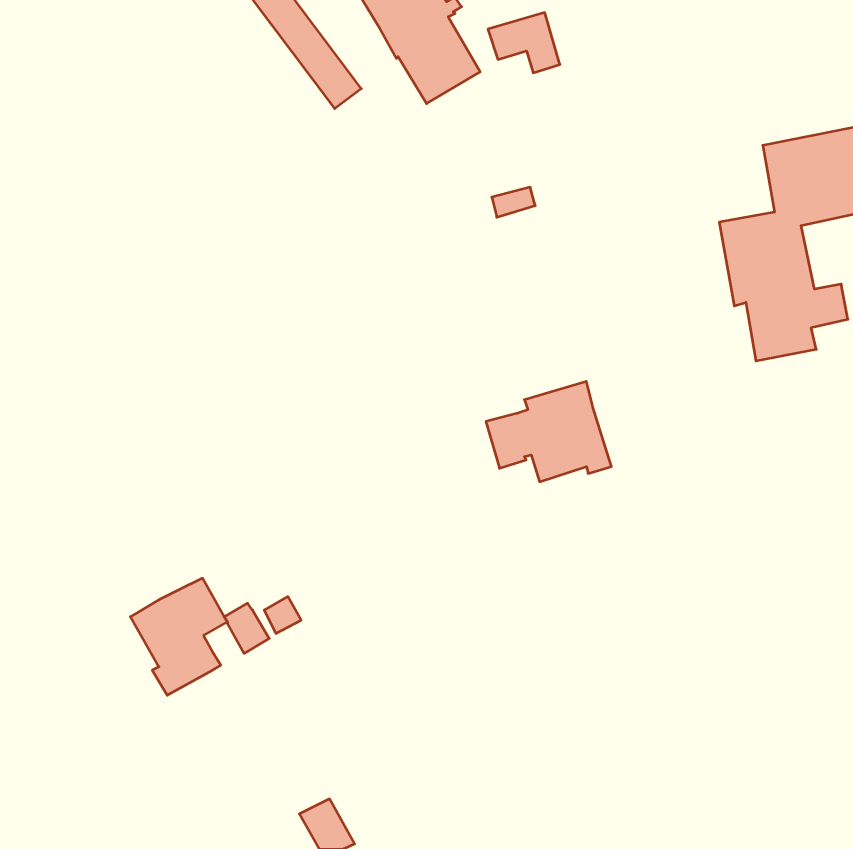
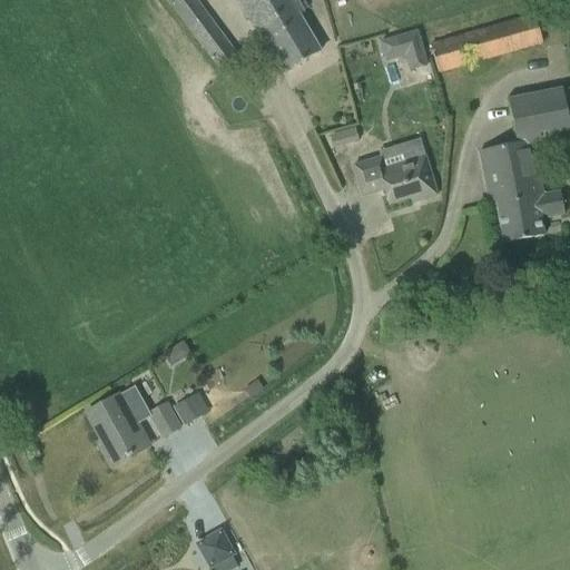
building: [488,13,560,73] -> [380,28,428,68]
building: none -> [431,13,543,70]
building: [486,381,611,482] -> [354,136,438,203]

